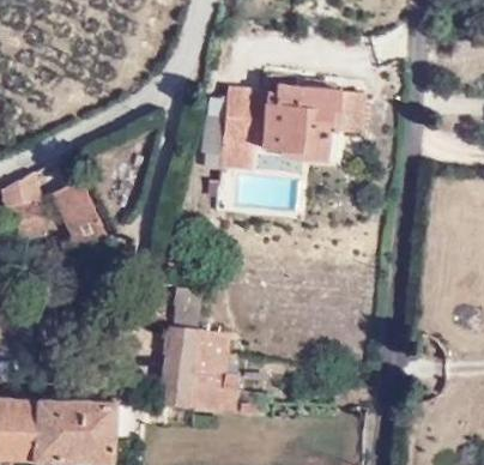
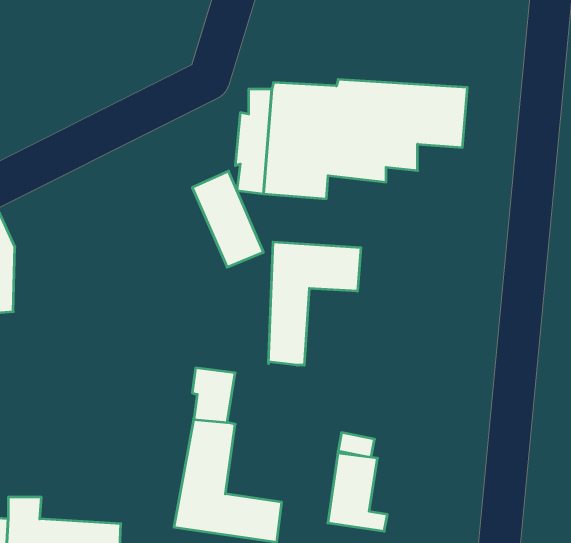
building: [54,180,105,249] -> [192,171,263,267]
building: none -> [269,242,361,365]
building: [193,332,236,388] -> [328,453,387,531]

